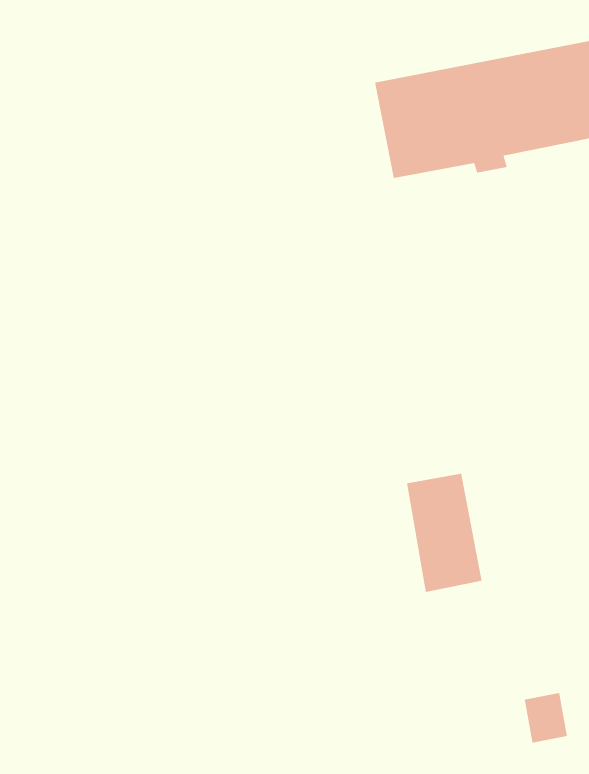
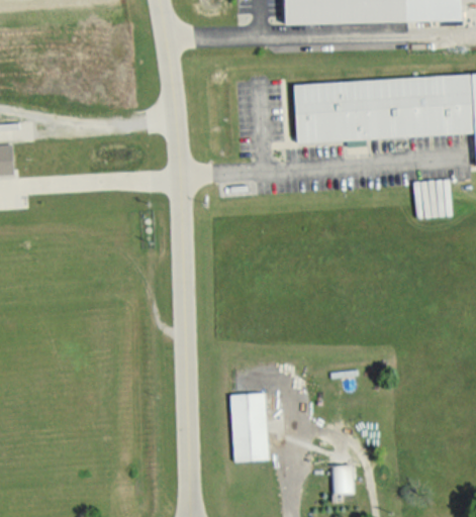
building: [406,473,482,593] -> [230,393,268,461]

